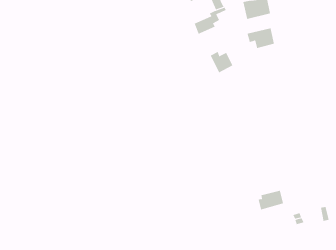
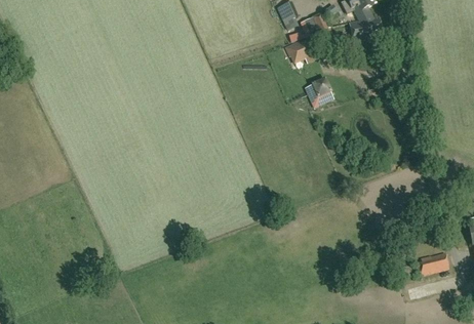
building: [247,27,275,49] -> none
building: [258,190,284,210] -> [414,250,446,275]

